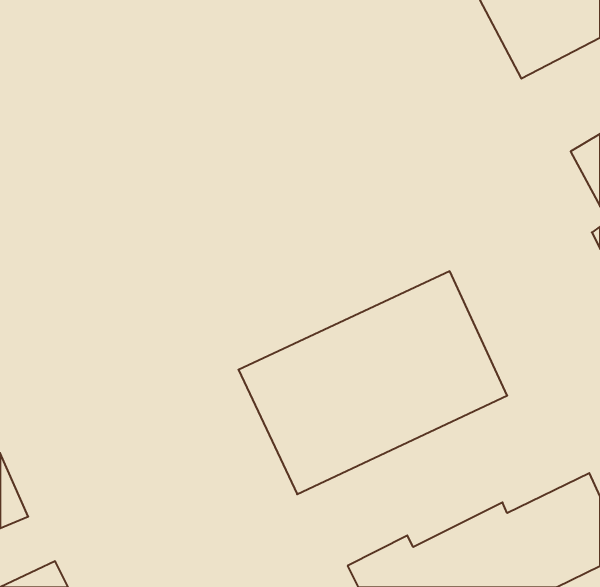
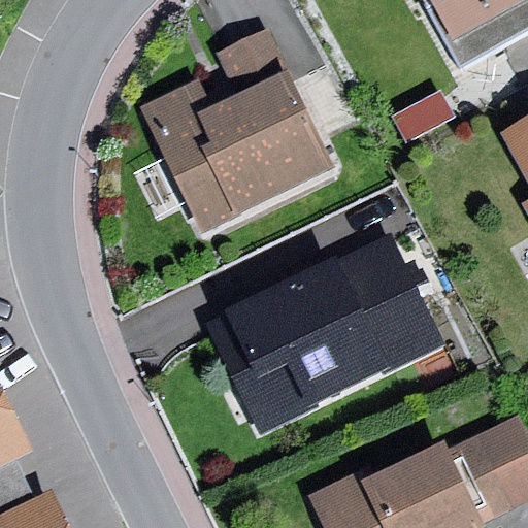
building: none -> [139,25,332,235]

